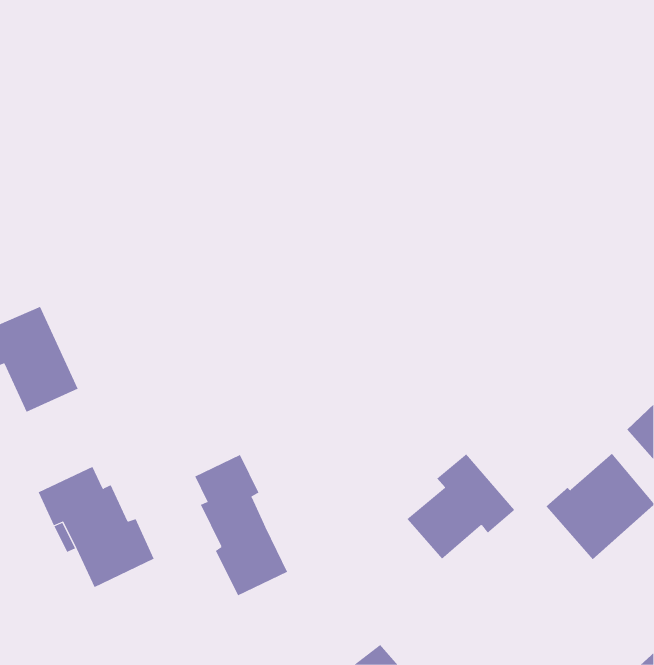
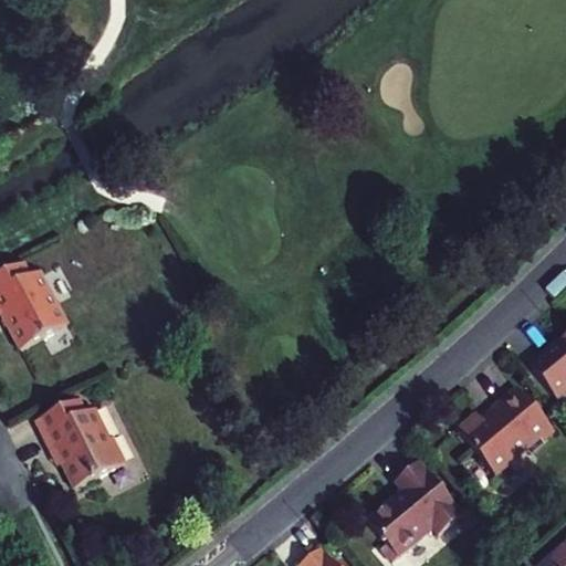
building: [406,454,515,560] -> [368,463,460,553]
building: [195,454,288,596] -> none

